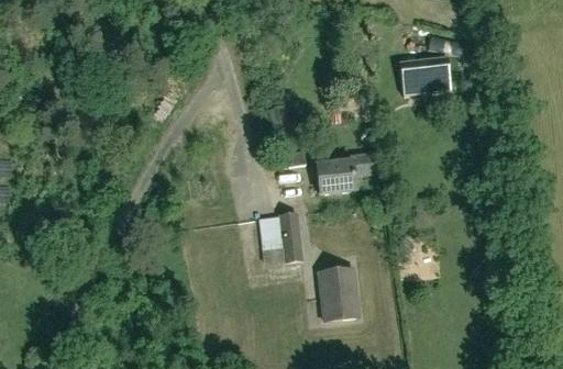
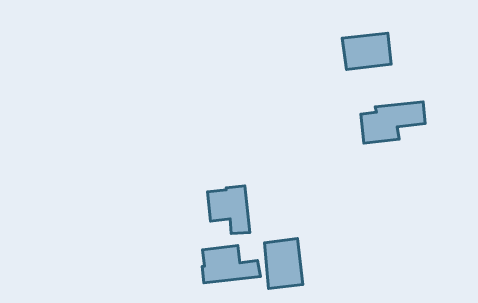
building: [316,152,384,195] -> [361,102,425,143]
building: none -> [202,246,261,283]

